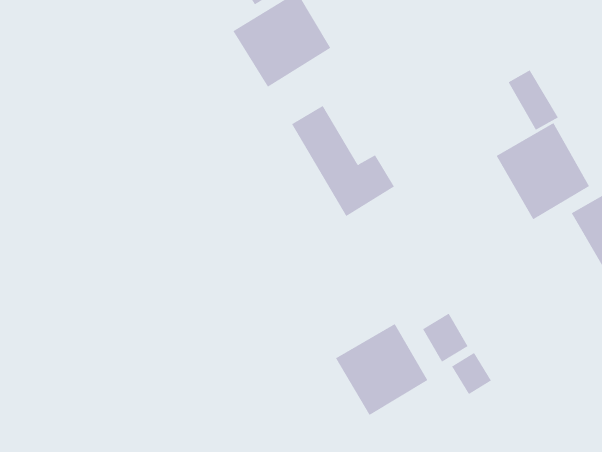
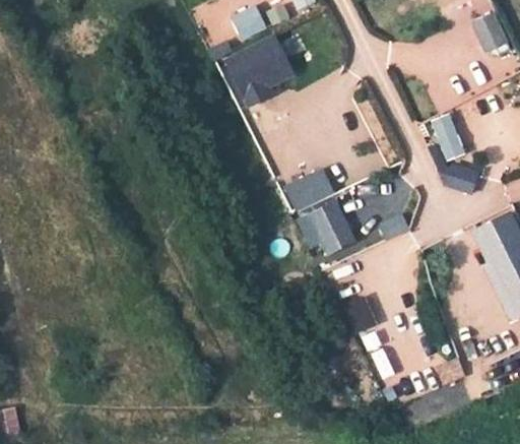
building: [496,122,590,220] -> none
building: none -> [294,199,358,256]
building: [335,323,428,416] -> none

